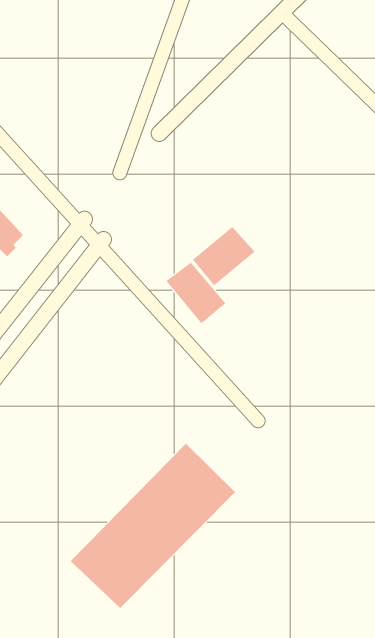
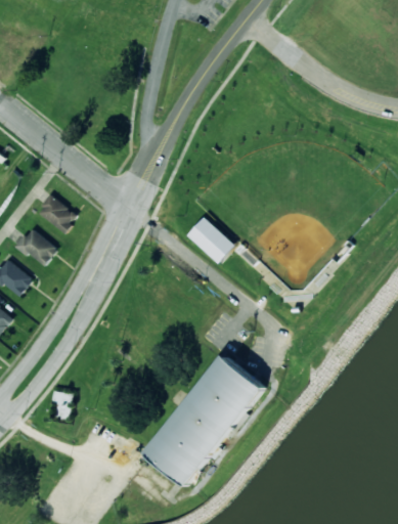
building: [192,226,256,286] -> none

